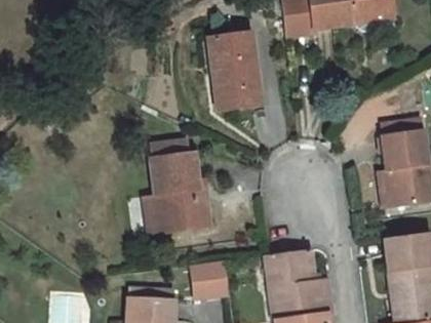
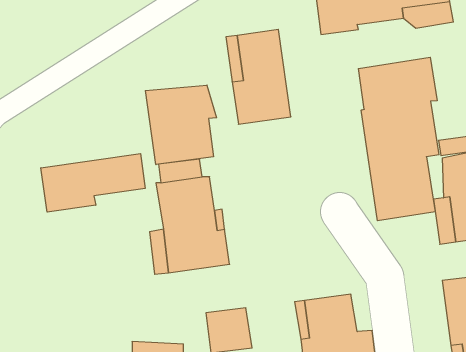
building: none -> [358,57,439,221]
building: none -> [145,85,217,165]
building: none -> [41,154,145,212]

